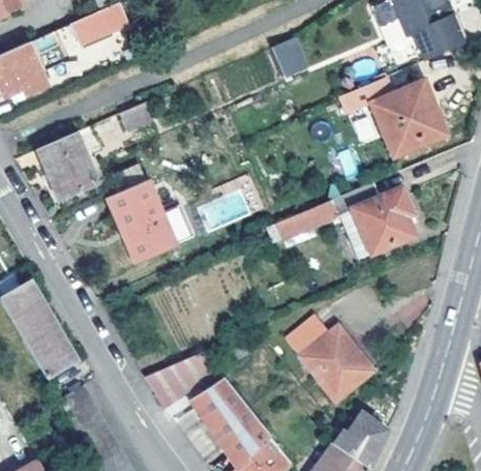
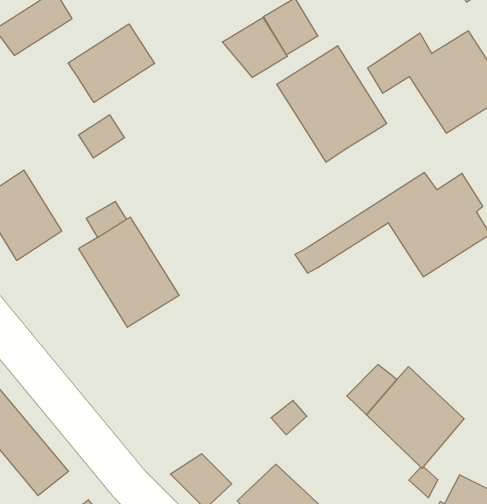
building: none -> [68,24,155,102]
building: none -> [222,18,287,77]
building: none -> [277,46,387,162]
building: [174,352,220,391] -> none

